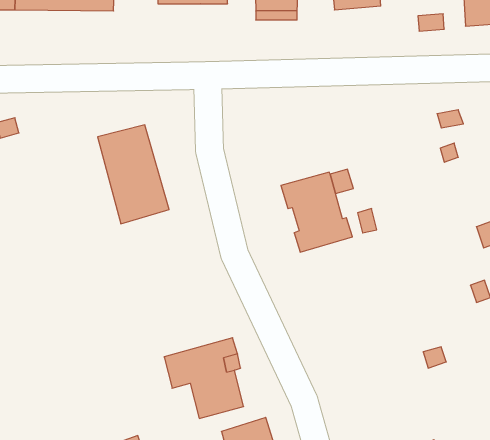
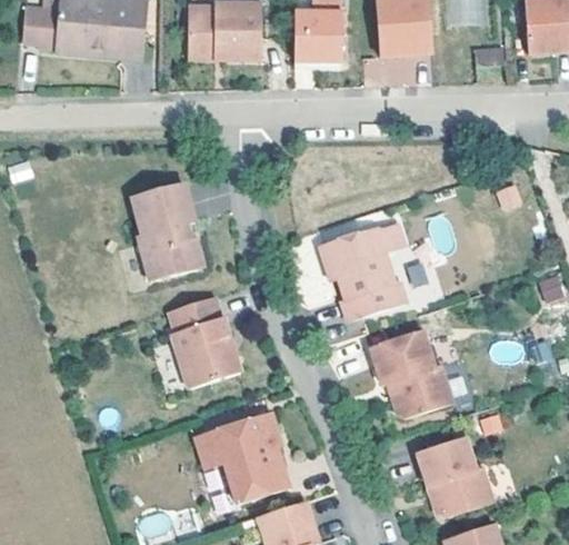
building: none -> [167,295,239,387]
building: none -> [372,331,451,417]
building: none -> [418,436,482,509]

